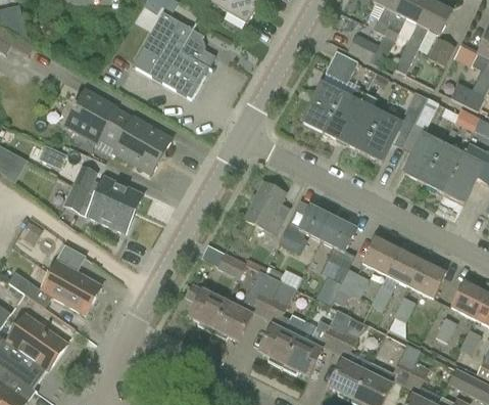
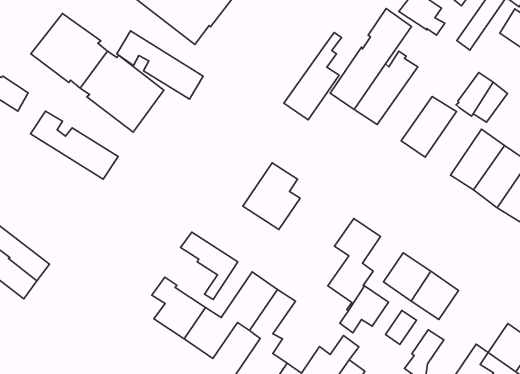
building: [341,80,381,150] -> [284,33,341,120]
building: [64,184,134,231] -> [117,31,203,99]
building: [279,205,333,253] -> none
building: [409,261,445,298] -> none

